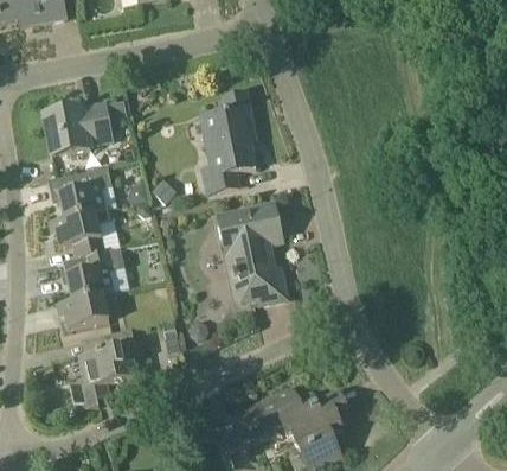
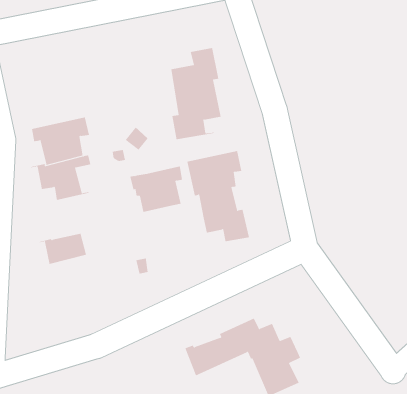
building: [44,104,111,154] -> none
building: [57,249,115,300] -> [129,166,183,212]
building: [70,327,139,409] -> none

